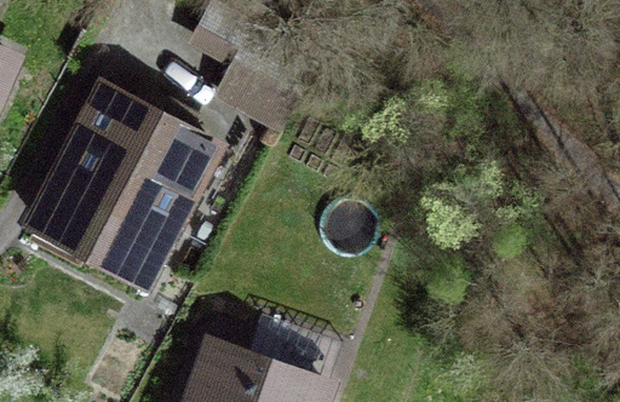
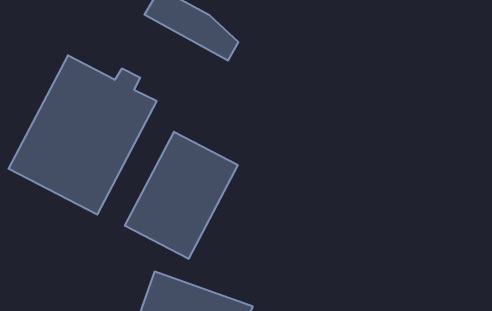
building: none -> [125,132,238,259]

